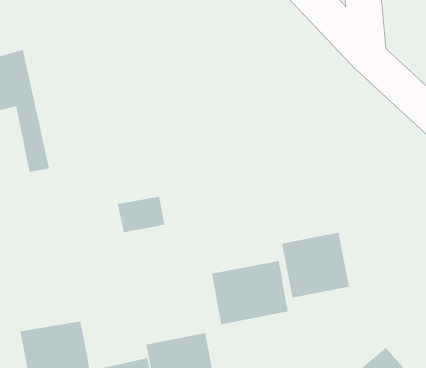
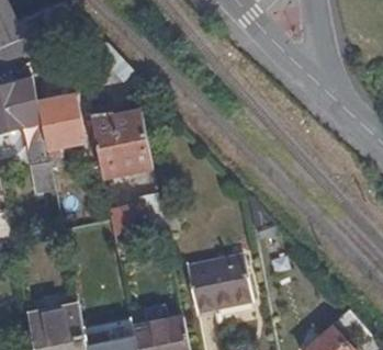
building: none -> [38,94,86,147]
building: none -> [93,116,148,181]
building: [281,232,349,299] -> none

